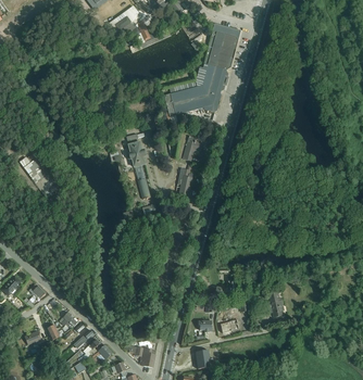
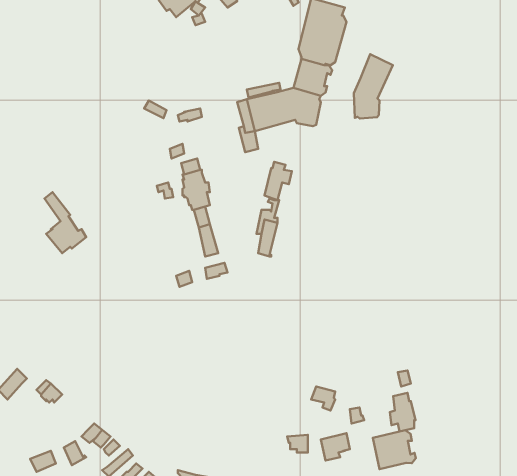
building: none -> [354,54,393,119]
building: none -> [373,430,416,469]

